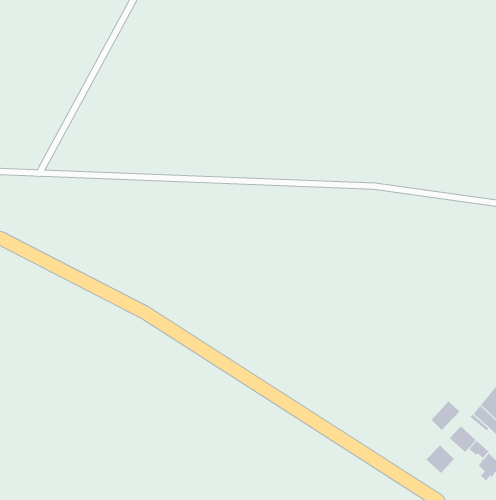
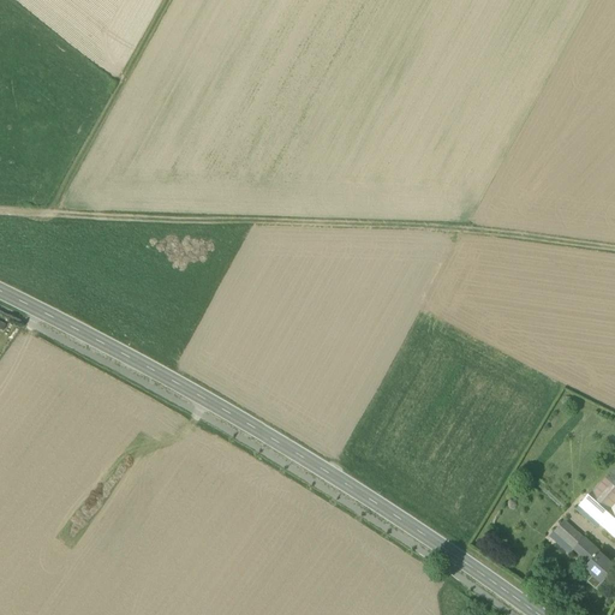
building: [431,401,460,431] -> none
building: [425,444,455,474] -> none

